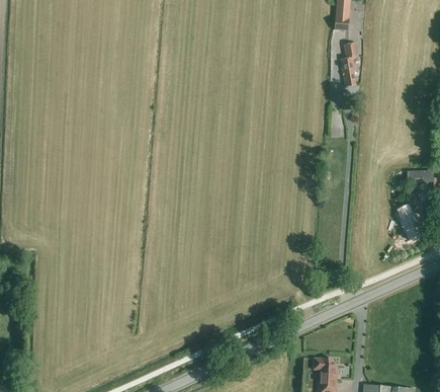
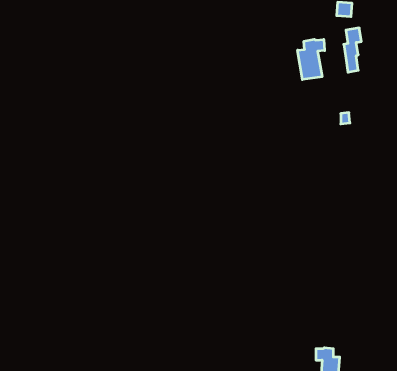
building: none -> [298,39,325,80]

